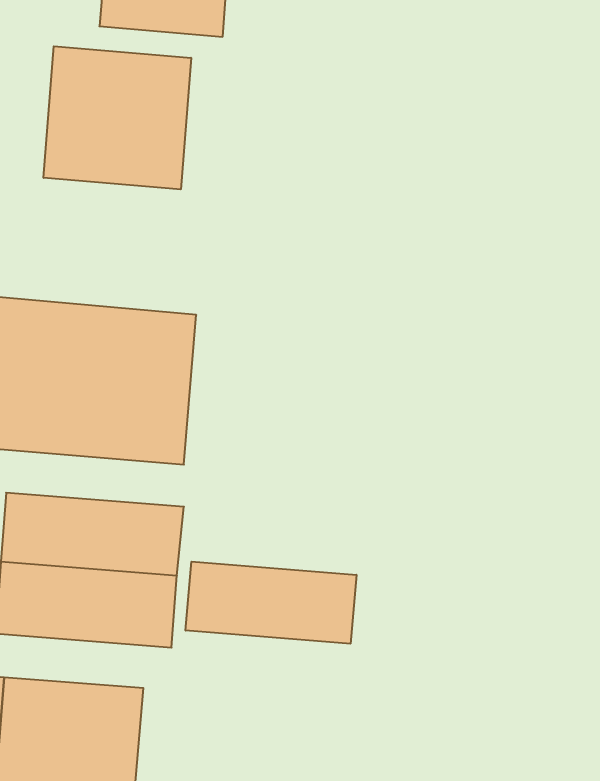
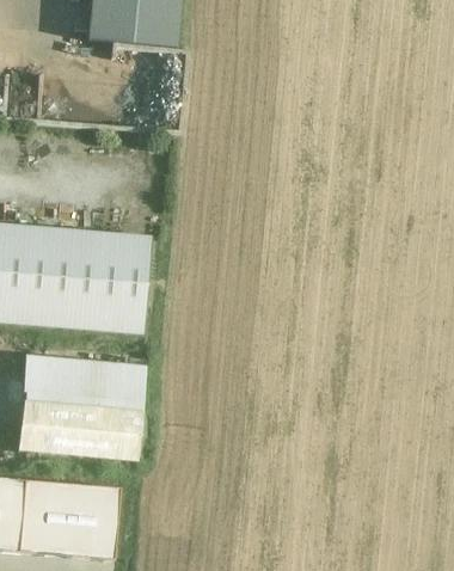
building: [44,46,191,189] -> none
building: [186,562,356,644] -> none

